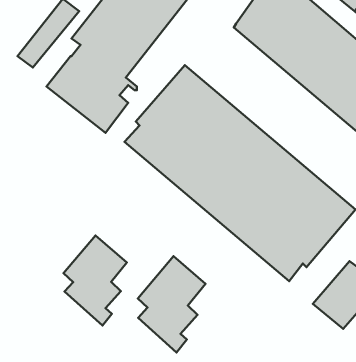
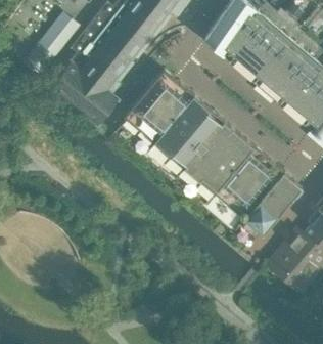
building: [64,235,127,325] -> none
building: [138,256,205,352] -> none

